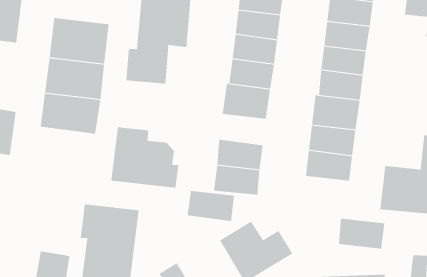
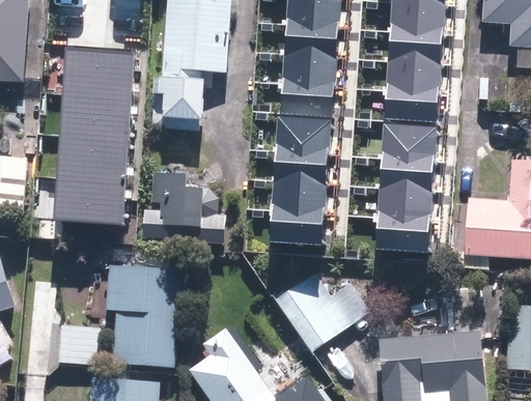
building: none -> [53,178,123,225]
building: [187,191,235,221] -> [271,151,327,185]
building: [338,218,385,249] -> [375,220,430,254]

